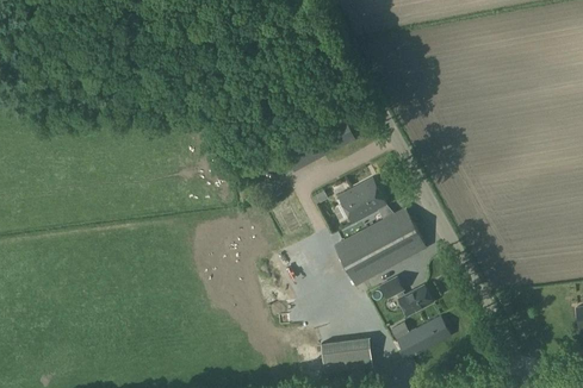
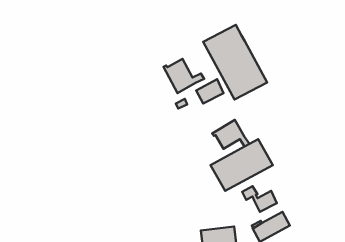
building: none -> [203,25,267,100]
building: none -> [163,59,204,93]

